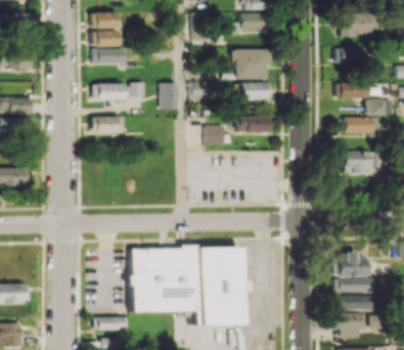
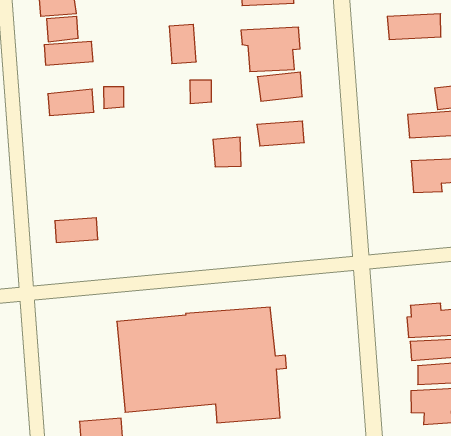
building: [160,83,177,110] -> [169,24,196,64]
building: [336,83,369,98] -> none
building: [91,117,121,132] -> [55,218,98,242]

